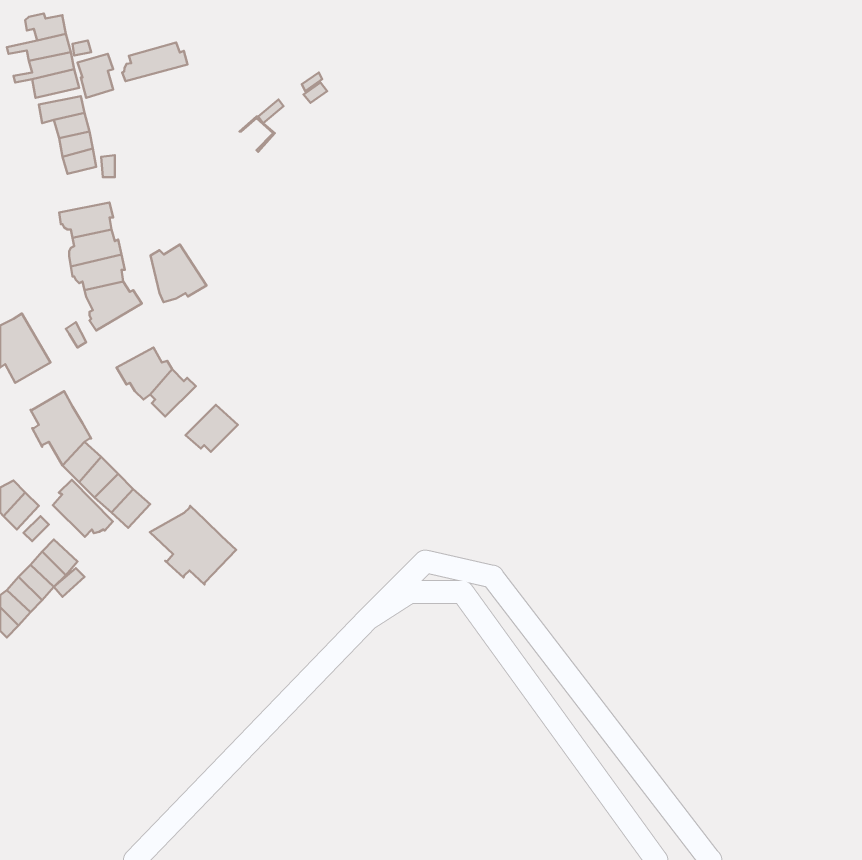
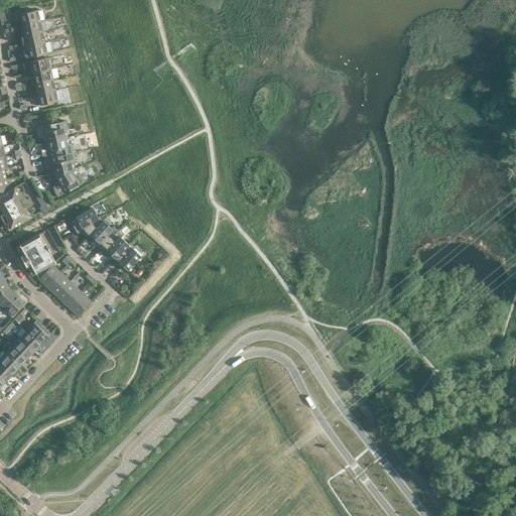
building: [122,43,187,81] -> none
building: [150,244,206,302] -> none
building: none -> [99,231,127,258]
building: [53,480,113,537] -> none
building: [150,506,236,585] -> none

